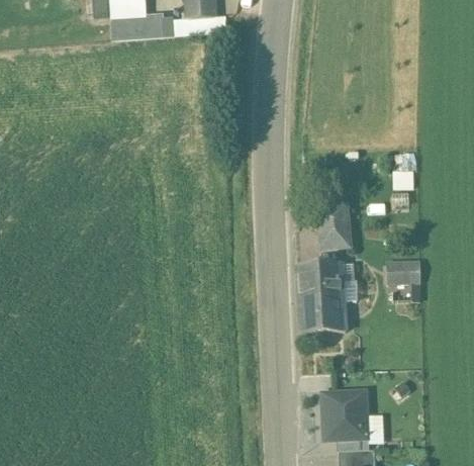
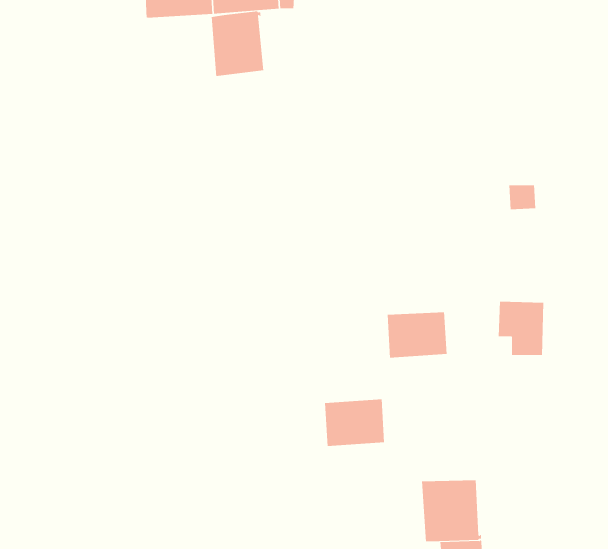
building: none -> [211,11,264,77]
building: [321,203,351,247] -> none
building: [300,295,347,332] -> [324,399,385,446]

